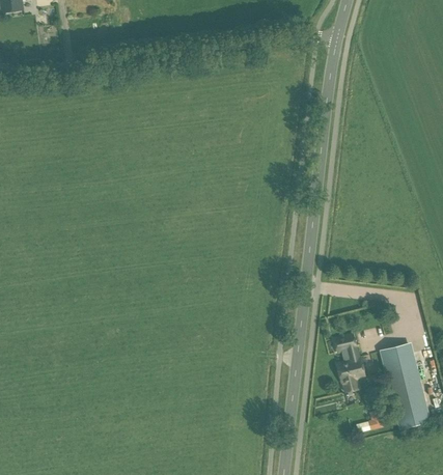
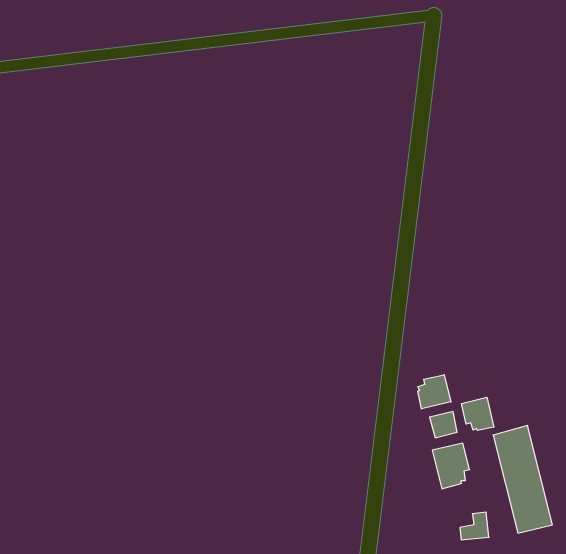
building: none -> [418,375,451,409]
building: none -> [462,397,494,430]

